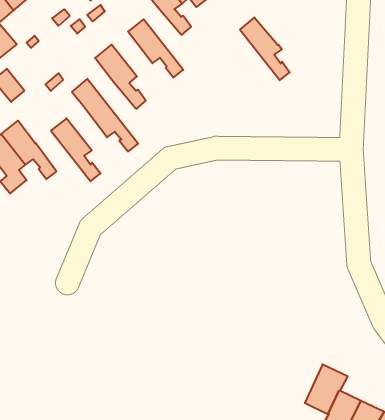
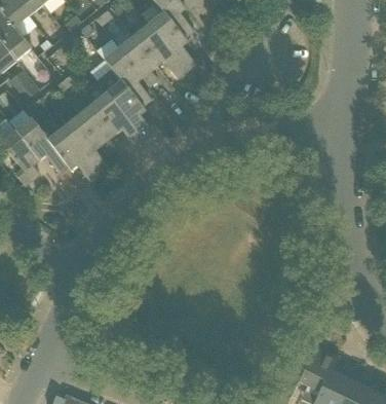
building: [240,17,290,80] -> [149,11,195,70]
building: none -> [119,34,158,85]
building: none -> [96,68,153,139]
building: none -> [77,103,116,153]
building: none -> [48,126,100,181]

